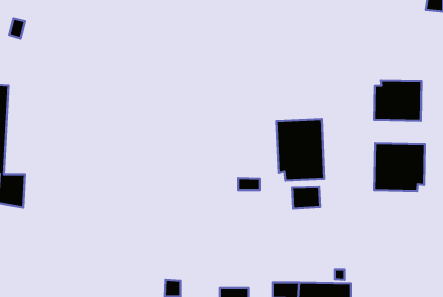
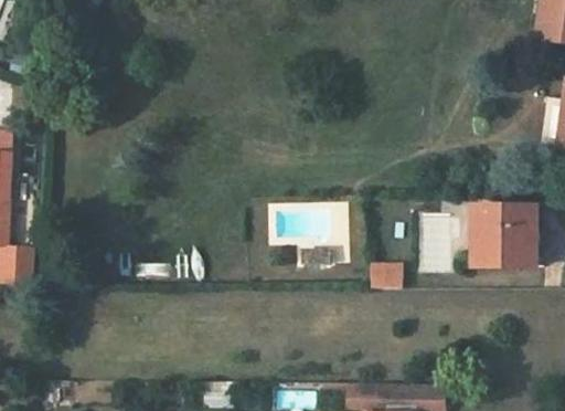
building: [374,81,422,121] -> none
building: [277,119,324,180] -> none

